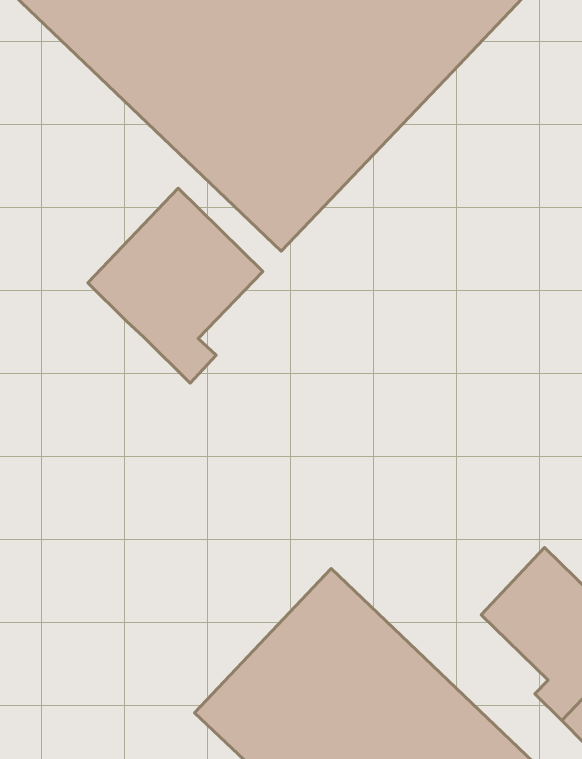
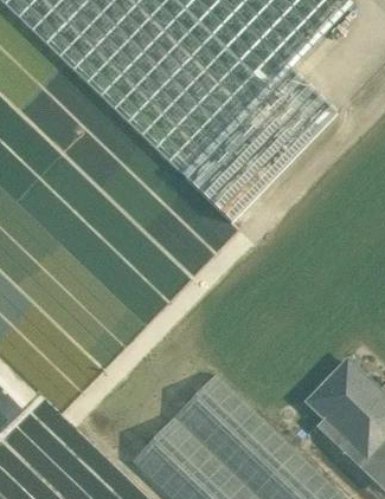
building: none -> [186,70,338,223]
building: [88,188,263,383] -> none

